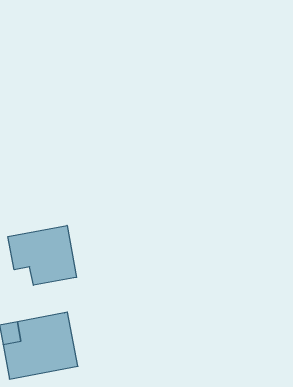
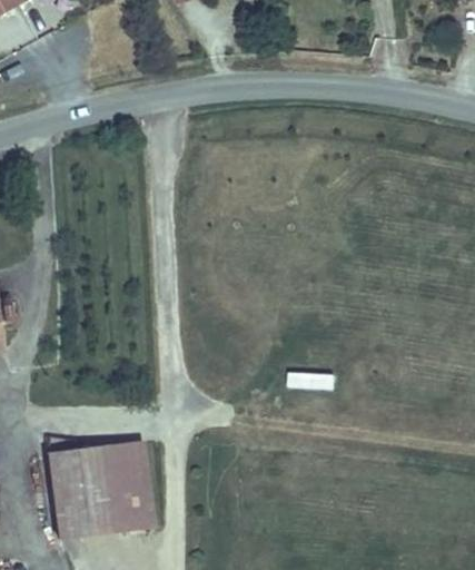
building: [8,225,77,285] -> none

